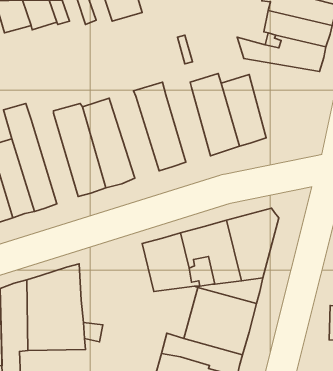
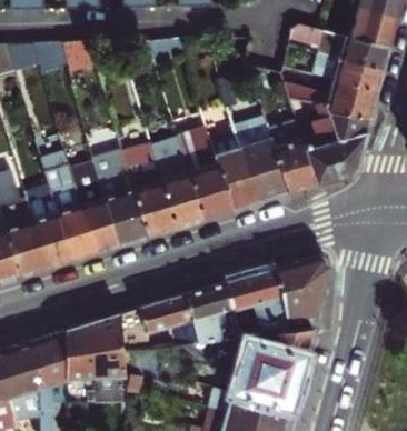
building: none -> [292,101,371,183]
building: none -> [211,131,258,209]
building: none -> [153,140,205,225]
building: none -> [71,158,120,252]
building: none -> [121,293,199,352]

